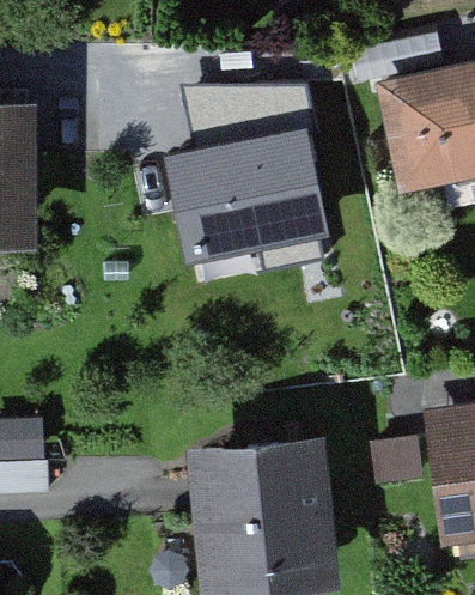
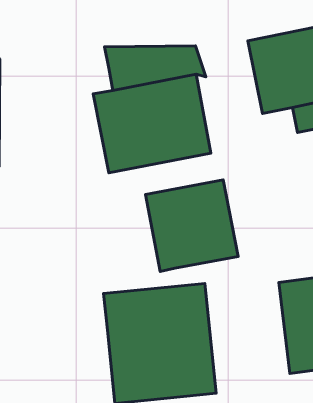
building: none -> [146,180,238,271]

